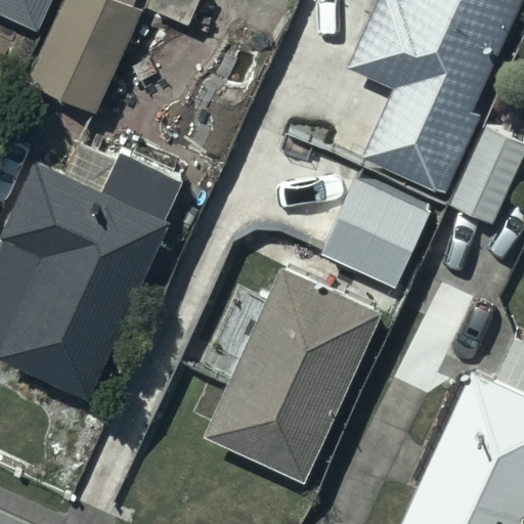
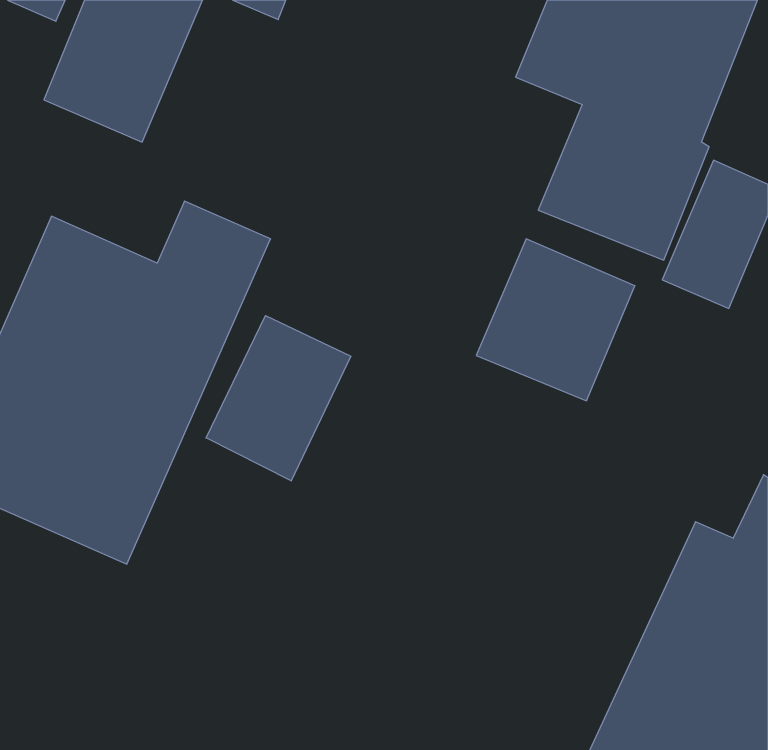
building: none -> [206,316,351,481]
building: [204,265,385,482] -> none

